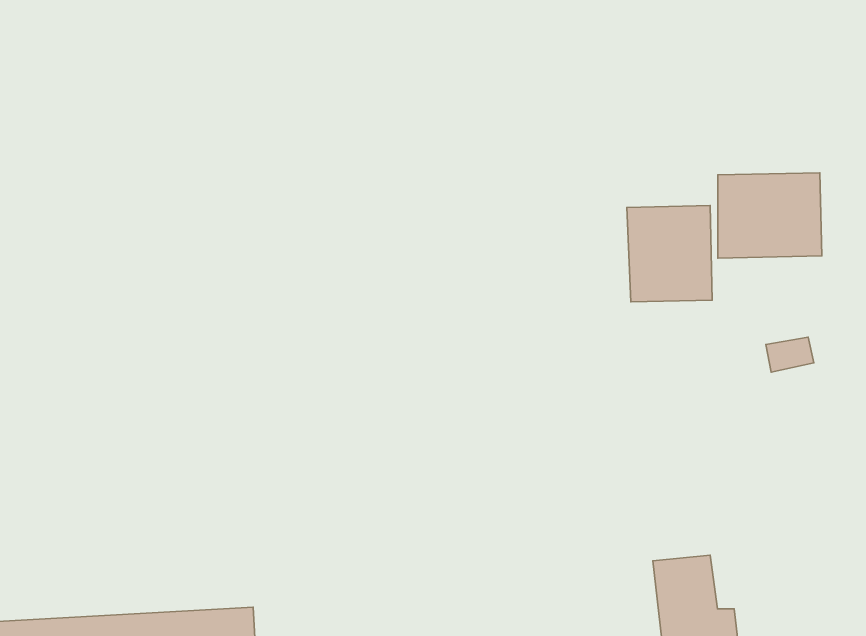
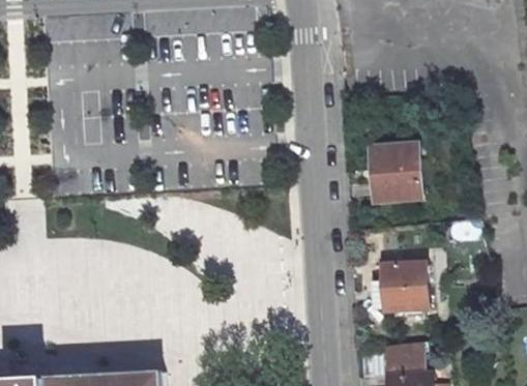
building: [718,173,822,258] -> none
building: none -> [374,260,427,309]

